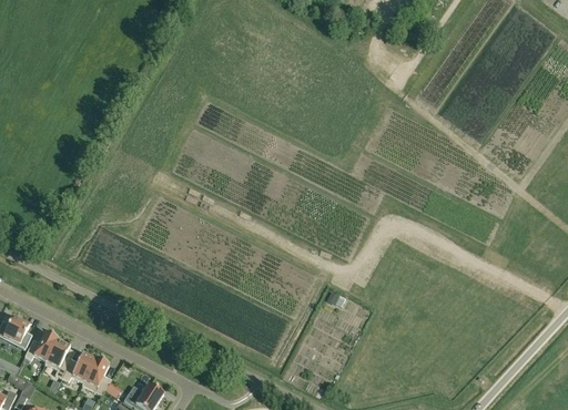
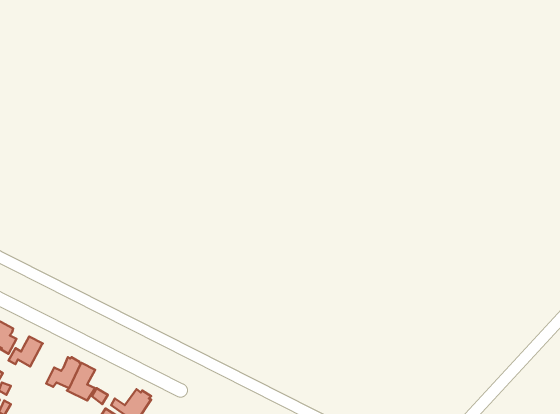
building: [44,338,70,377] -> none

